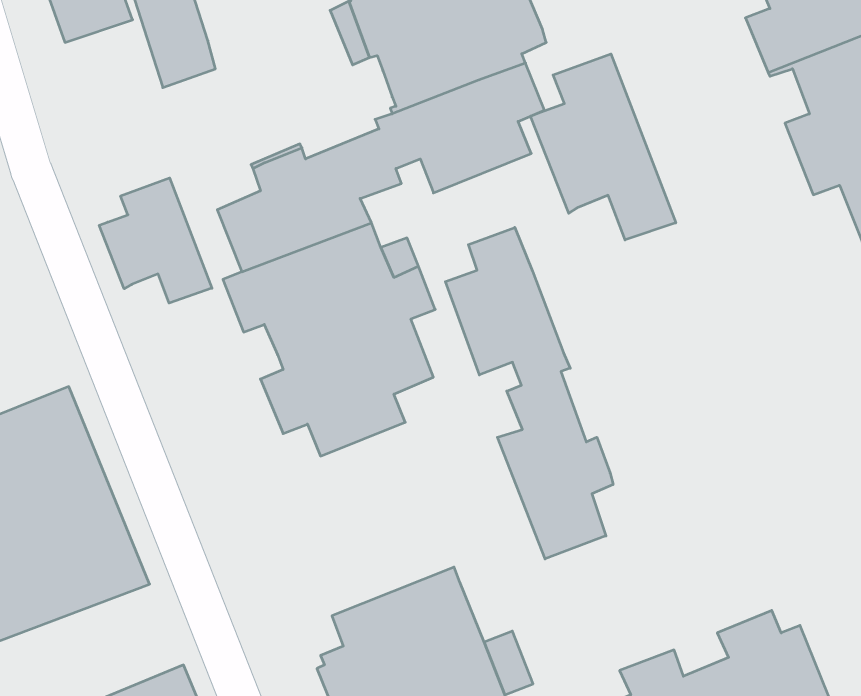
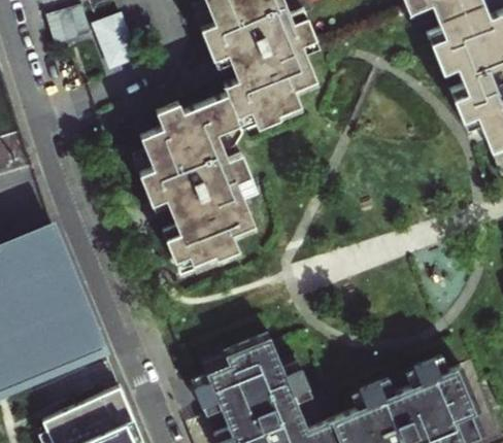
building: [531,54,676,240] -> none
building: [99,178,212,303] -> none
building: [445,227,613,559] -> none

